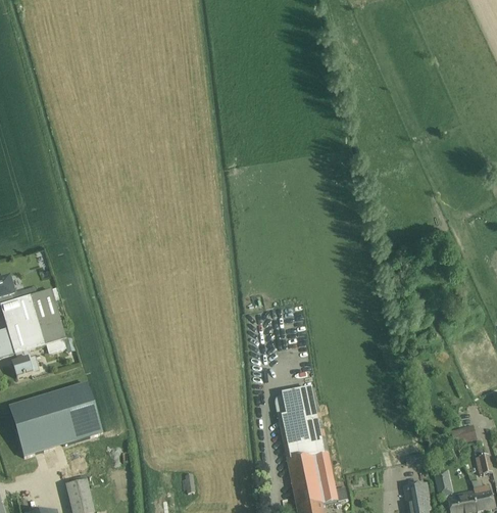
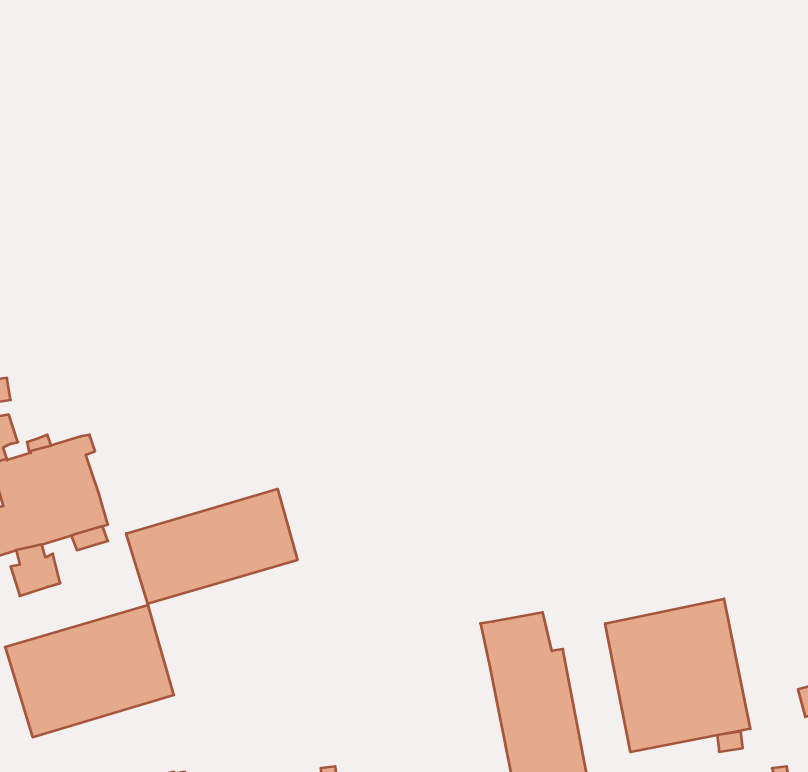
building: none -> [126,489,297,604]
building: none -> [605,599,750,752]

